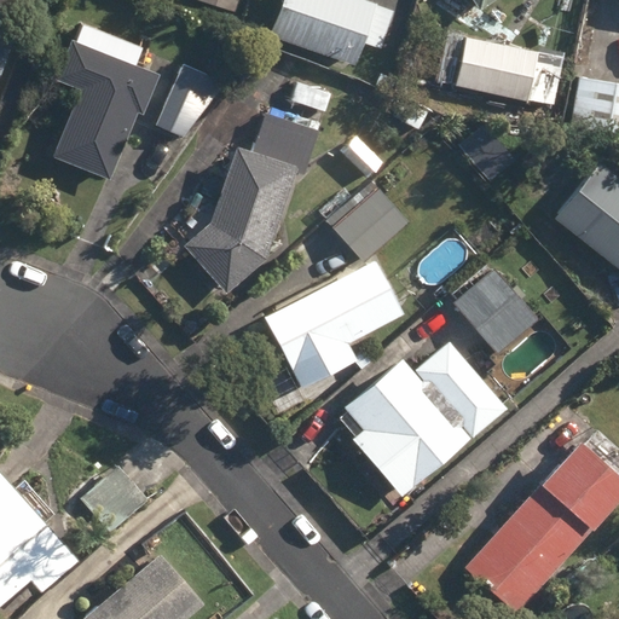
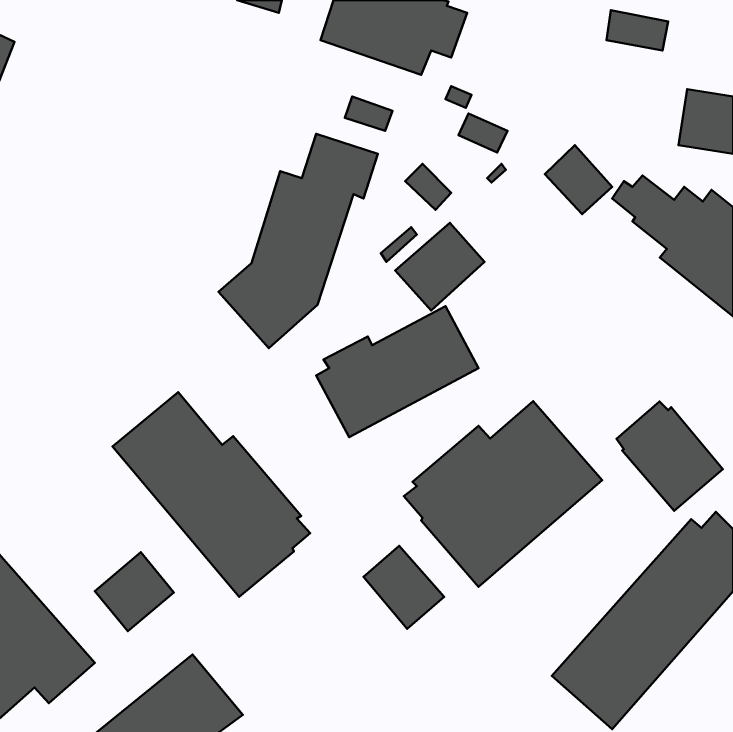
building: [457,39,537,102] -> none
building: [52,42,226,181] -> none
building: [449,264,538,355] -> [617,402,723,511]
building: none -> [112,392,310,597]
building: none -> [364,546,444,629]

